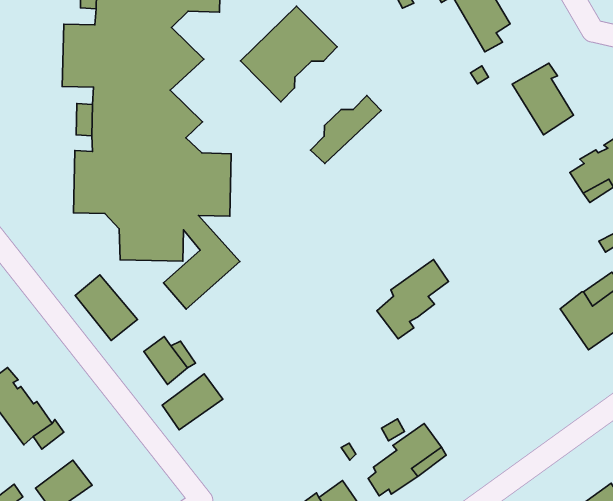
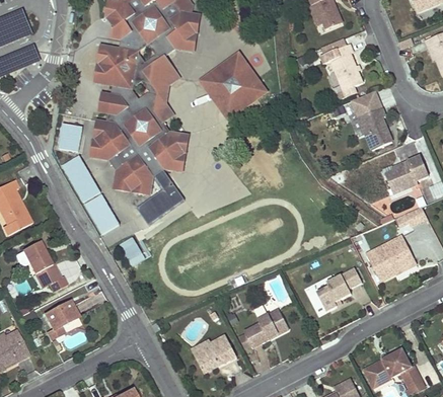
building: none -> [351,91,381,117]
building: [311,95,381,164] -> [221,81,266,117]
building: none -> [58,123,82,151]
building: none -> [61,155,100,202]
building: [377,259,449,339] -> [316,267,361,311]
building: [162,374,223,430] -> none

